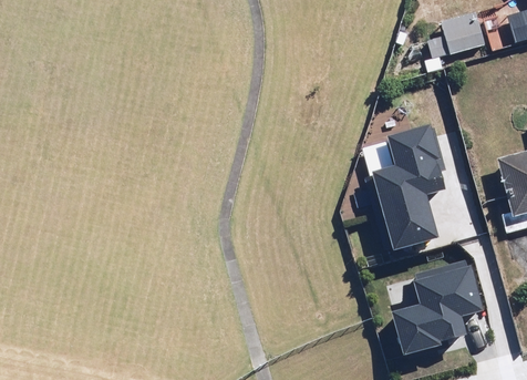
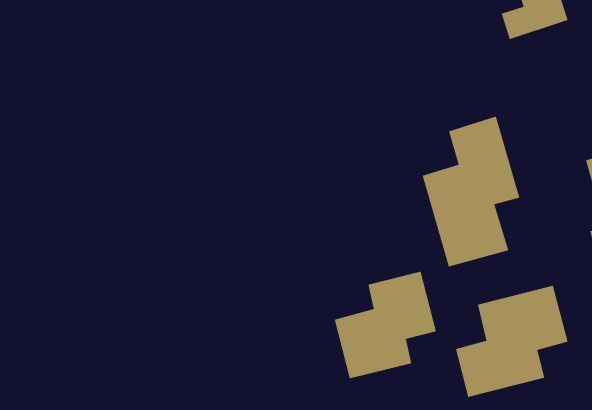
building: none -> [334,271,437,379]

